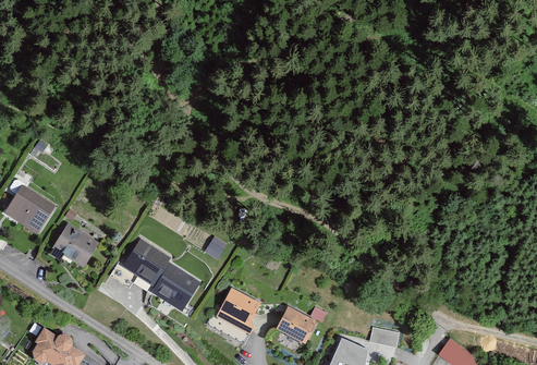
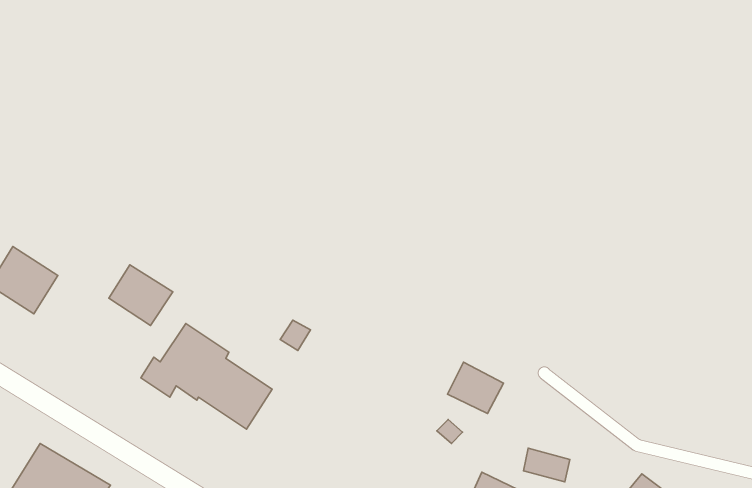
building: [54,224,98,266] -> [109,265,173,325]
building: [208,289,259,344] -> none
building: [278,307,316,342] -> [447,362,503,413]

